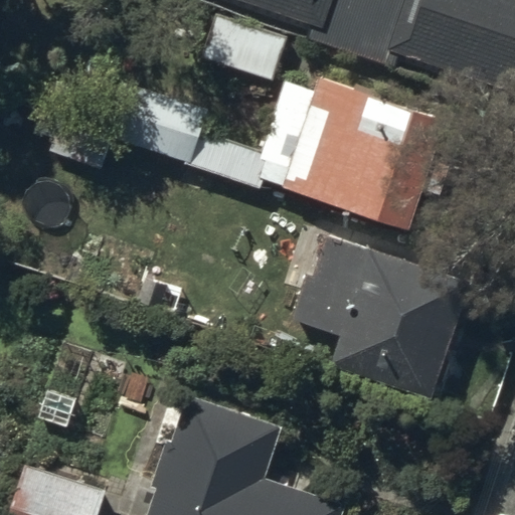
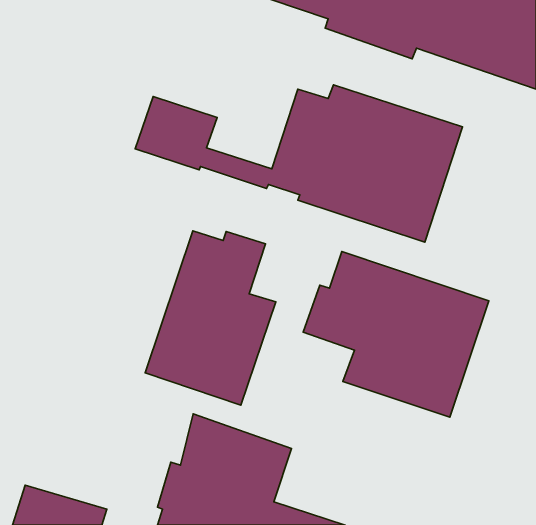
building: none -> [145,231,276,405]

